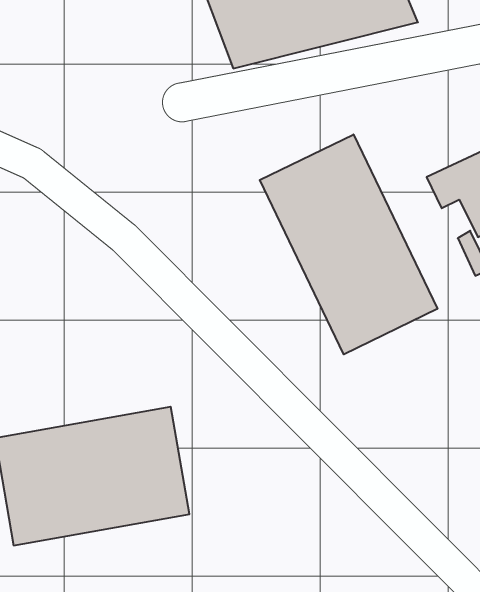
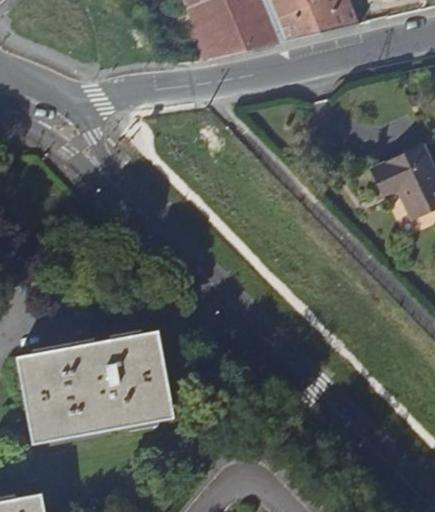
building: [260,134,437,354] -> none

